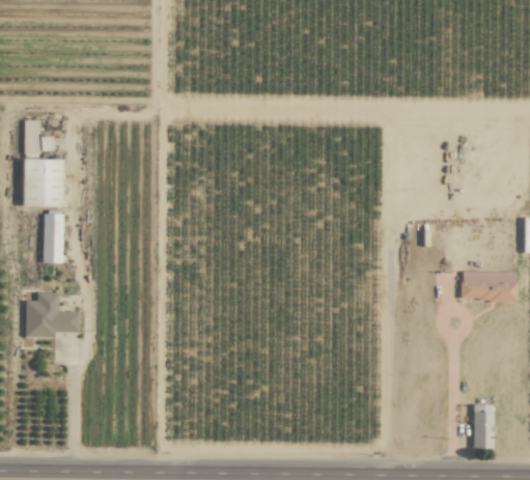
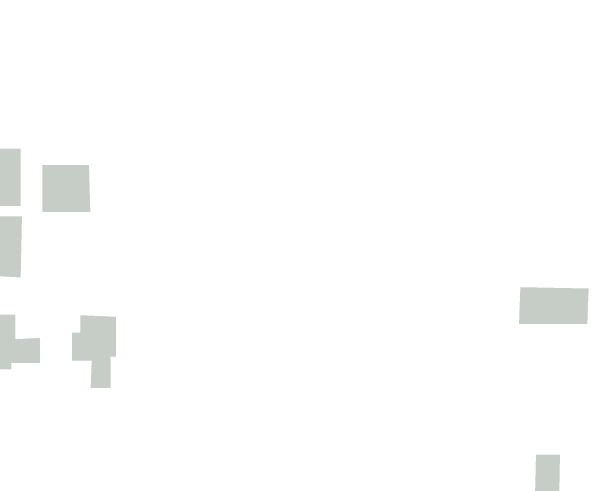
building: none -> [42,164,91,213]
building: none -> [71,315,116,389]

